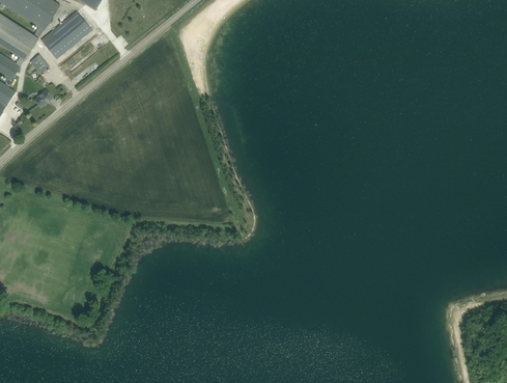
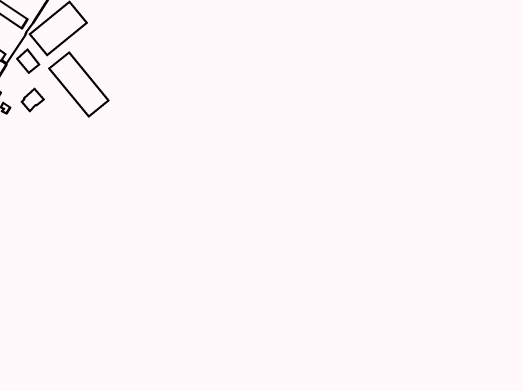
building: none -> [49,52,109,116]

